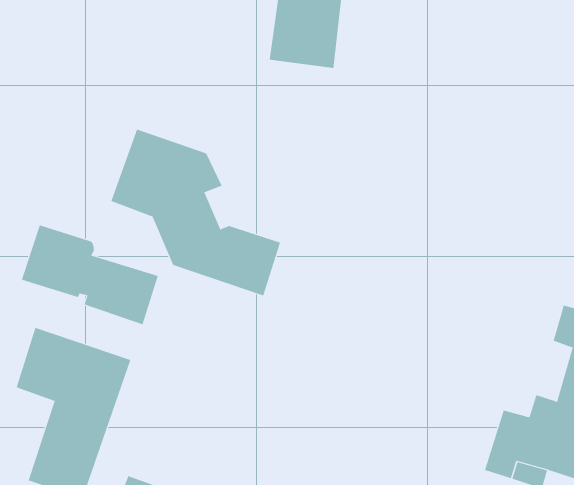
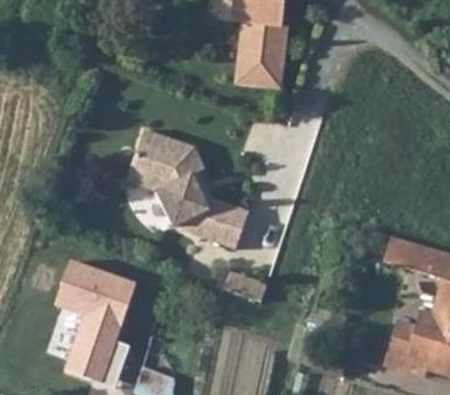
building: [21,225,159,325] -> none
building: none -> [384,235,438,274]

